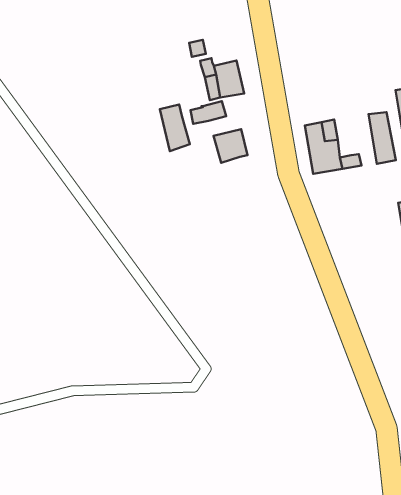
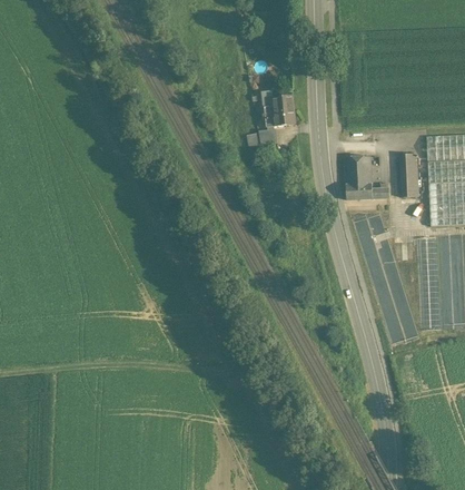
building: [160,104,190,151] -> none
building: [213,129,247,163] -> none

